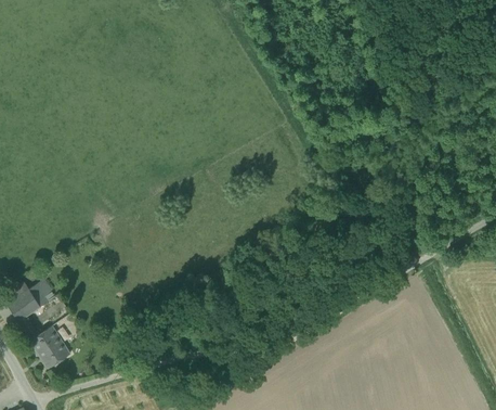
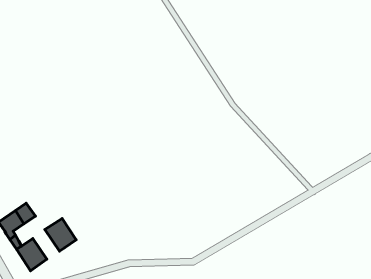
building: none -> [45,219,76,251]

